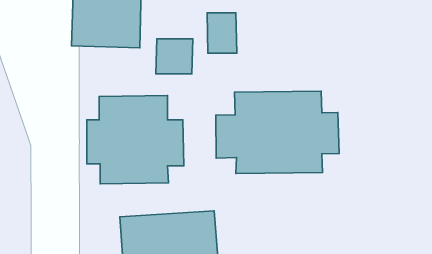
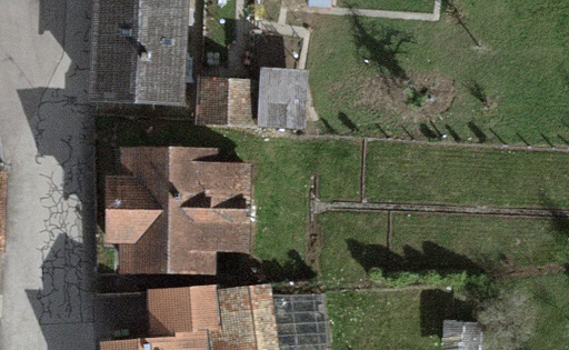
building: [216,91,339,174] -> none

